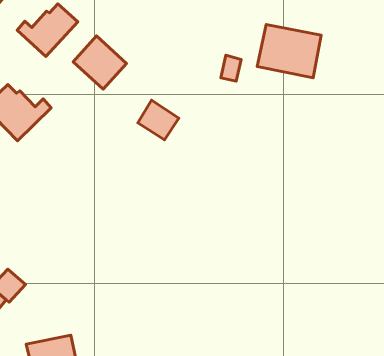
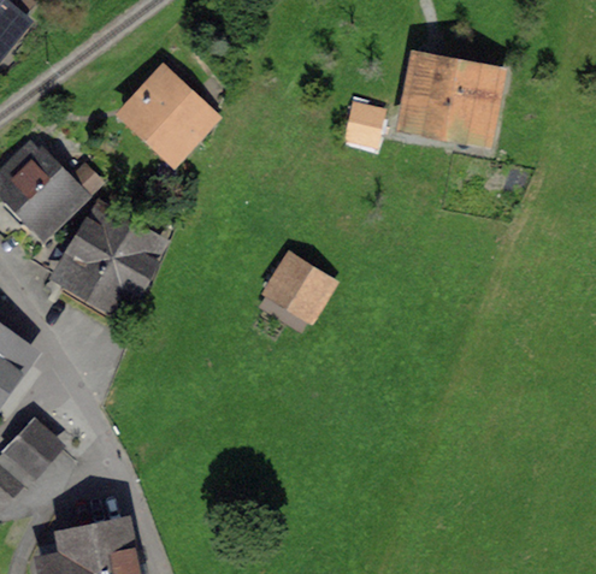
building: [17,4,78,56] -> none
building: [138,100,179,140] -> [270,256,331,315]
building: none -> [59,208,160,313]

